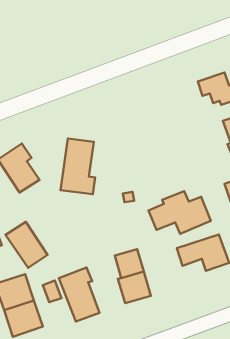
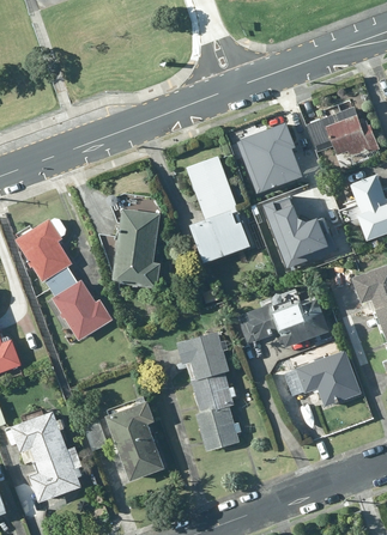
building: none -> [237,122,300,191]
building: none -> [188,156,254,265]
building: none -> [261,195,337,268]
building: [6,222,47,268] -> [48,269,110,338]
building: none -> [179,333,230,382]

